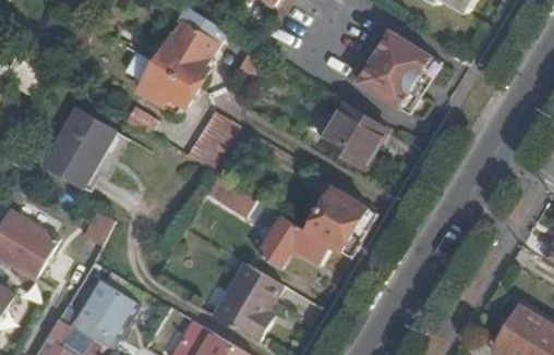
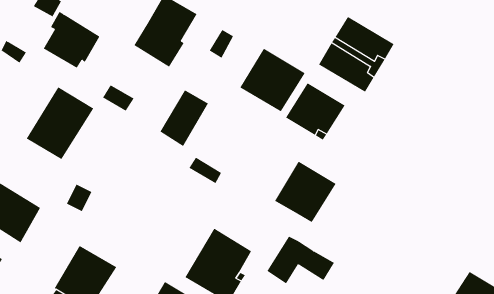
building: [132,59,194,121] -> [43,11,100,68]
building: none -> [240,48,305,112]
building: [256,215,330,267] -> [266,236,335,284]

